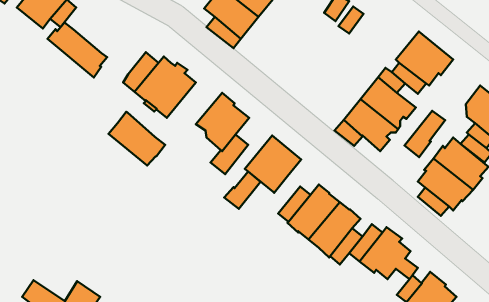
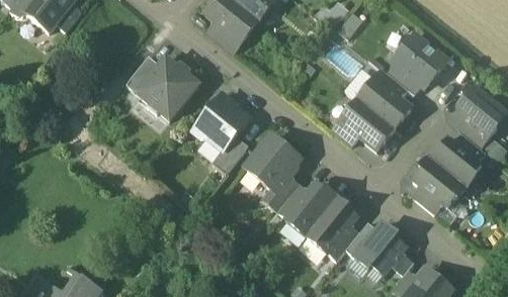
building: [48,23,107,78] -> none
building: [405,111,445,157] -> none
building: [108,112,165,166] -> none
building: [224,171,261,209] -> [263,174,299,210]

